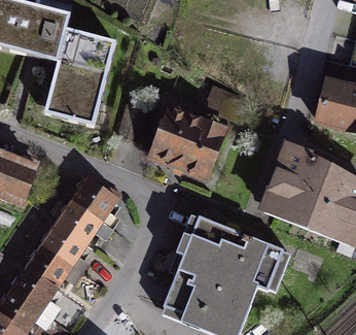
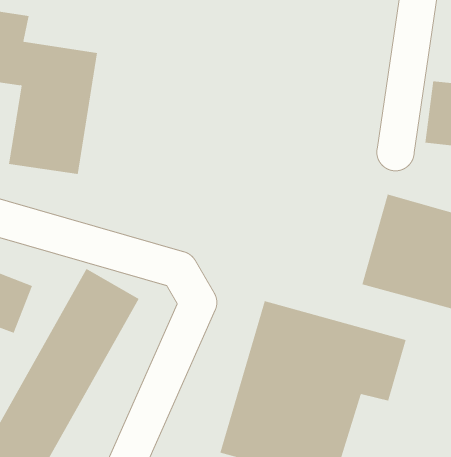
building: [153,109,225,178] -> none

